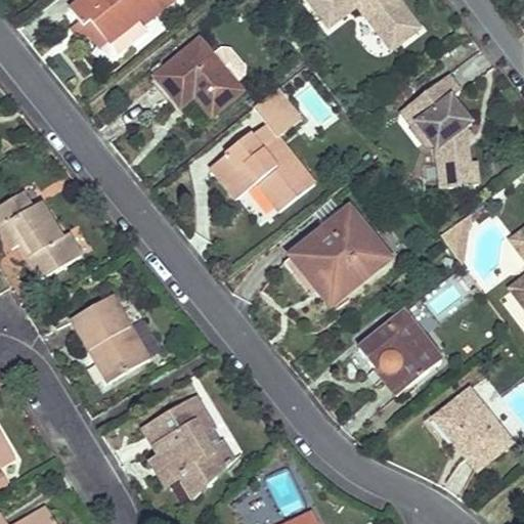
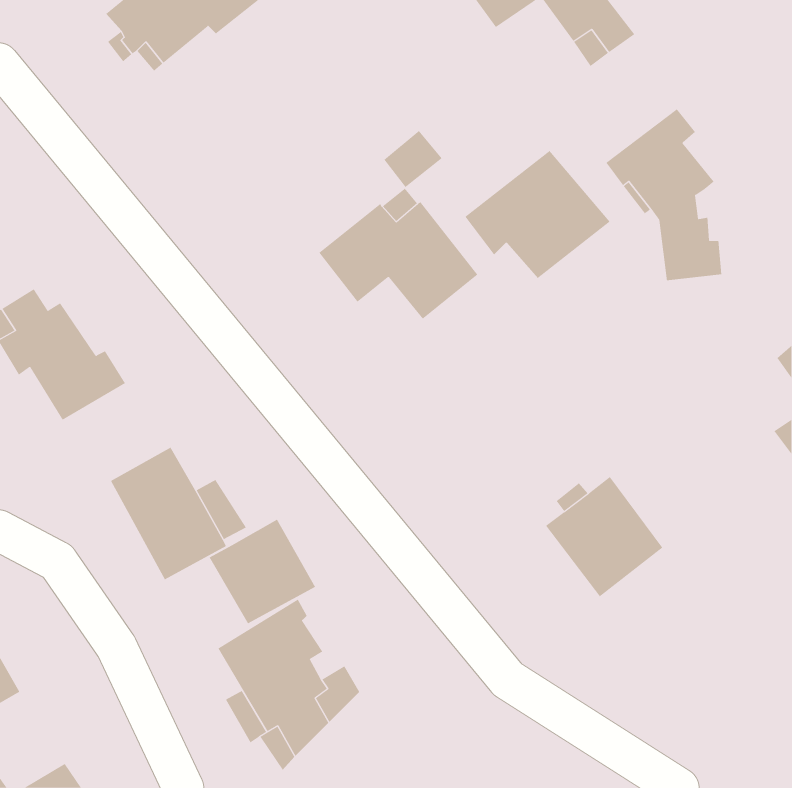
building: [147,35,247,122] -> none
building: [292,210,388,295] -> [464,150,610,279]
building: none -> [209,519,316,624]
building: [435,389,512,469] -> none

